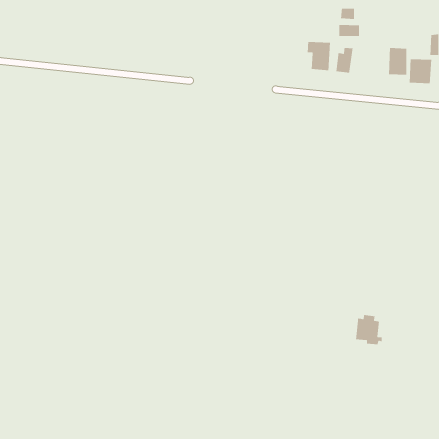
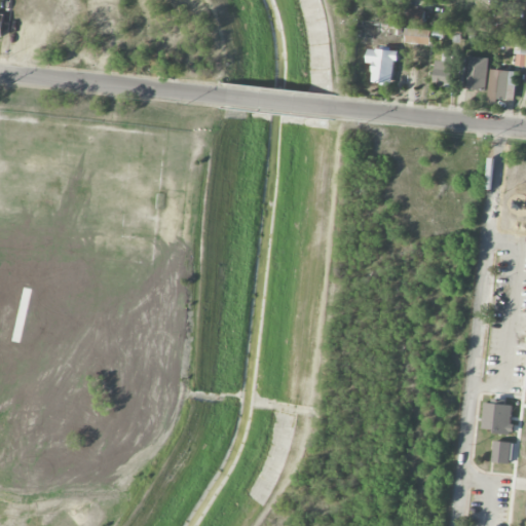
building: [335,47,353,74] -> [433,54,454,86]
building: [355,314,383,345] -> [482,398,515,435]
building: none -> [491,441,513,464]

